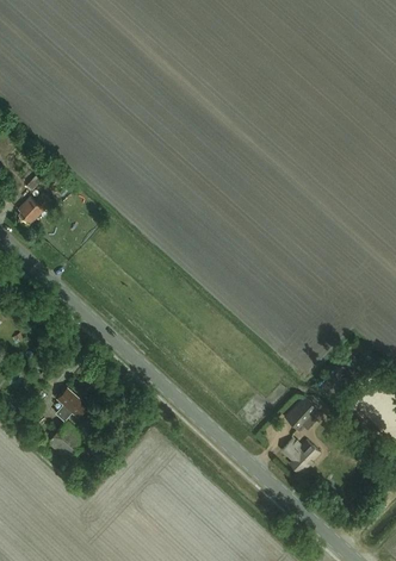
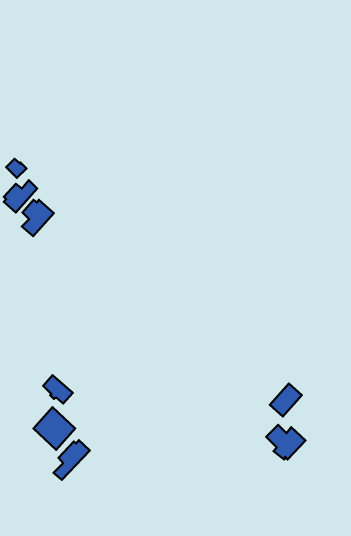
building: none -> [22,200,54,236]
building: none -> [53,440,90,480]

